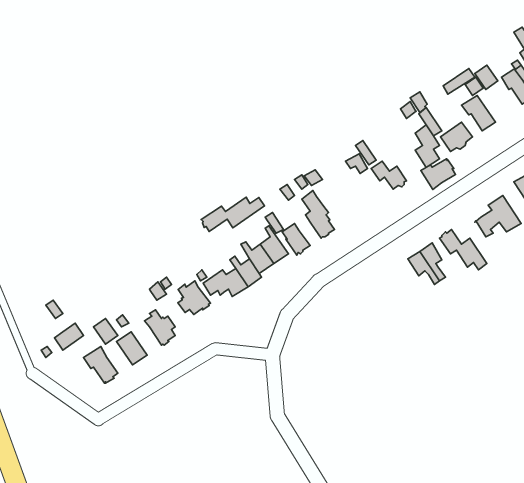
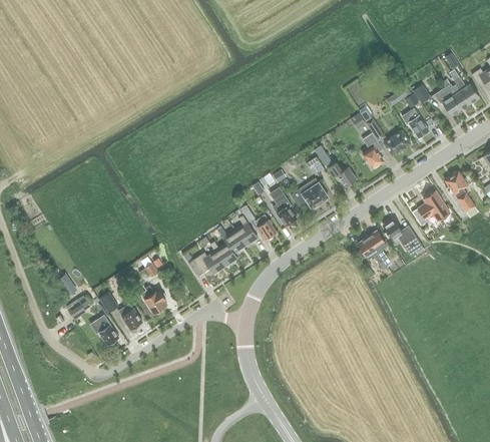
building: [421,159,456,189] -> none
building: none -> [291,177,328,209]
building: [201,197,264,232] -> none
building: [178,281,210,315] -> none

